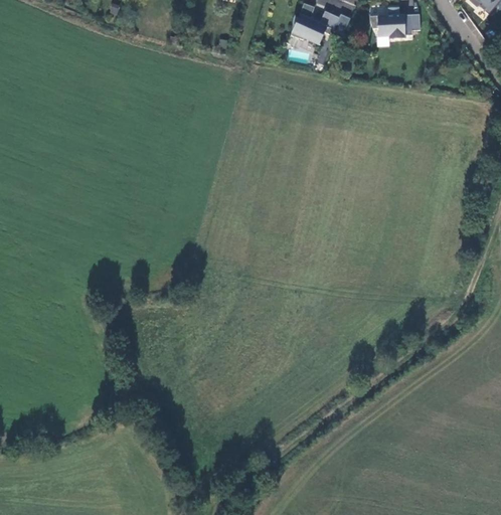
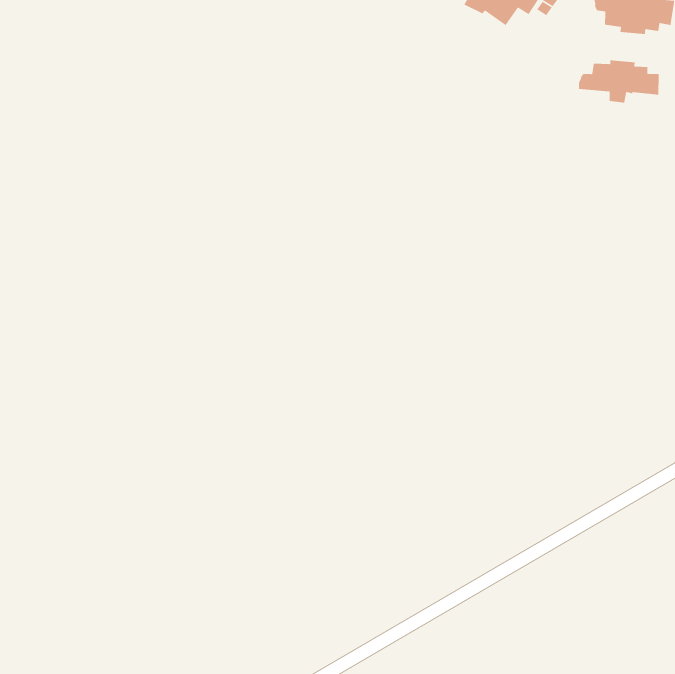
building: none -> [578,59,659,104]

